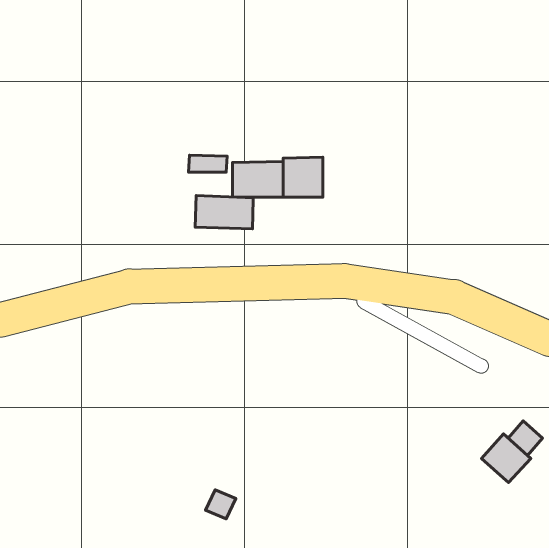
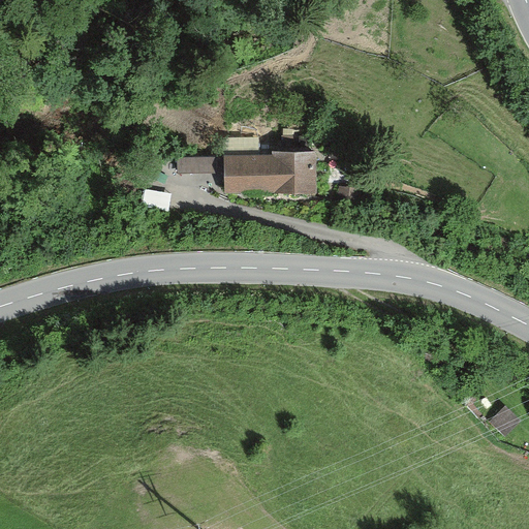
building: [195,195,253,229] -> none
building: [482,434,531,482] -> none

